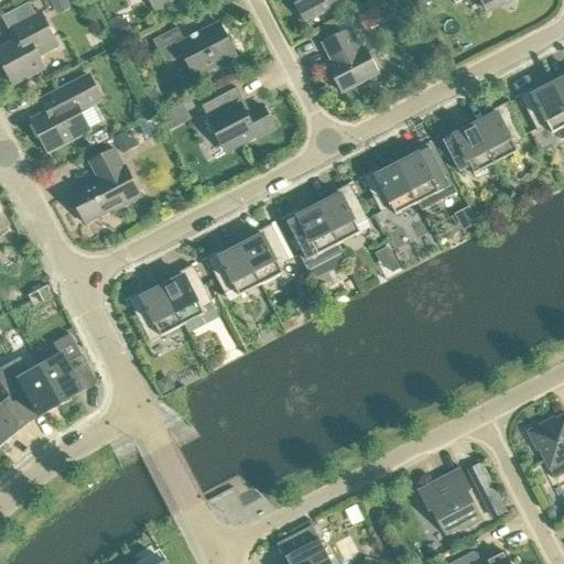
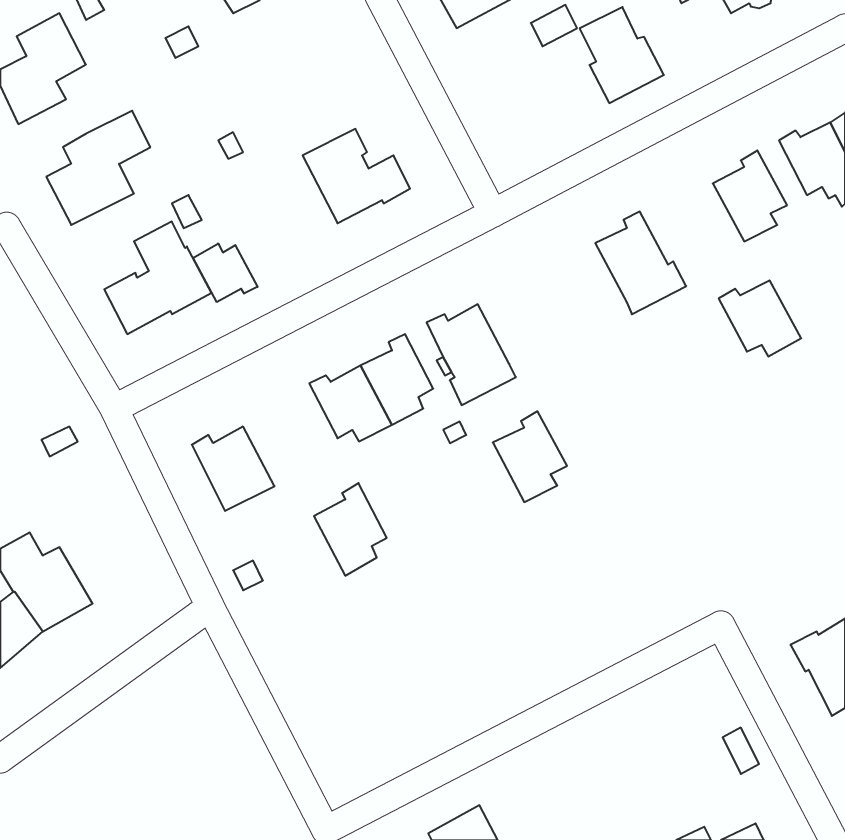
building: [152,21,236,76] -> none
building: [322,26,378,90] -> [580,7,664,103]
building: [441,122,496,173] -> [719,280,801,357]
building: [362,162,417,213] -> none
building: none -> [193,243,258,302]
building: [318,182,368,242] -> [493,411,567,502]
building: [162,262,210,324] -> [314,483,387,576]
building: [40,332,98,402] -> none
building: [416,465,482,536] -> none

